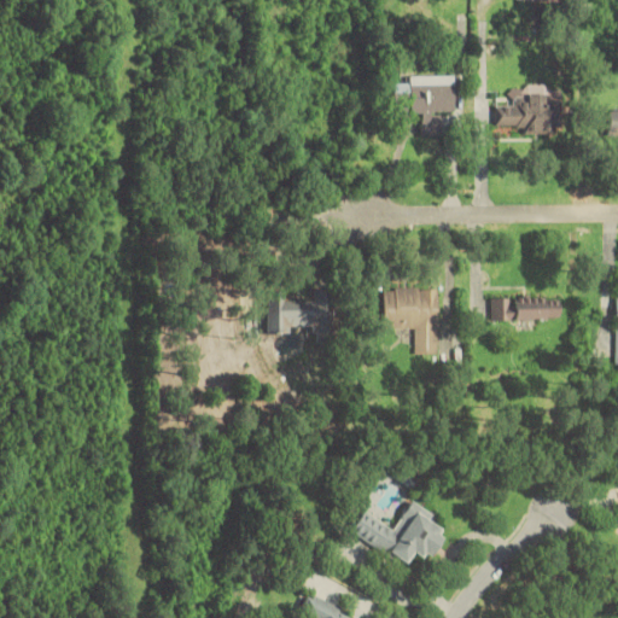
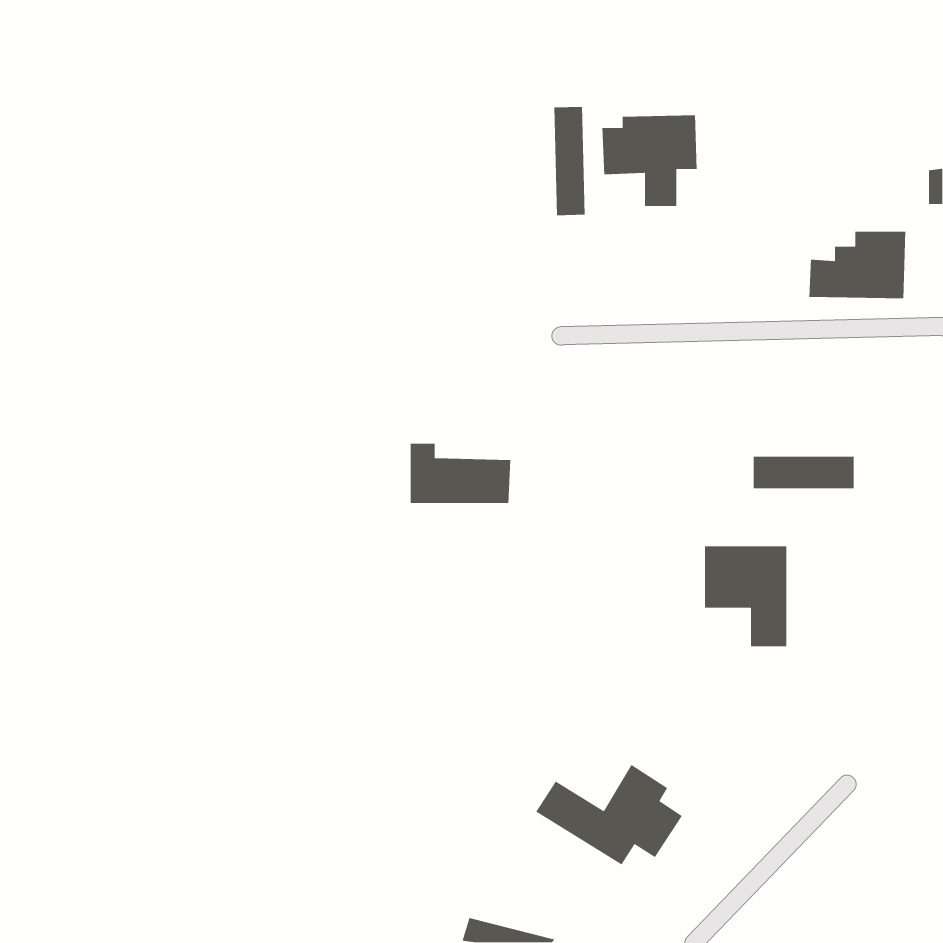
building: none -> [553,106,586,216]
building: [496,87,560,132] -> [808,231,906,299]
building: [384,287,438,354] -> [704,546,787,647]

